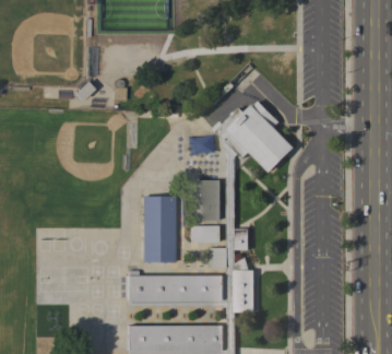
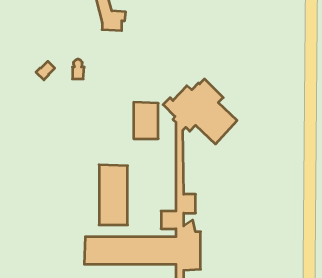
building: [194,179,222,220] -> [134,102,158,139]
building: [189,225,221,243] -> none

